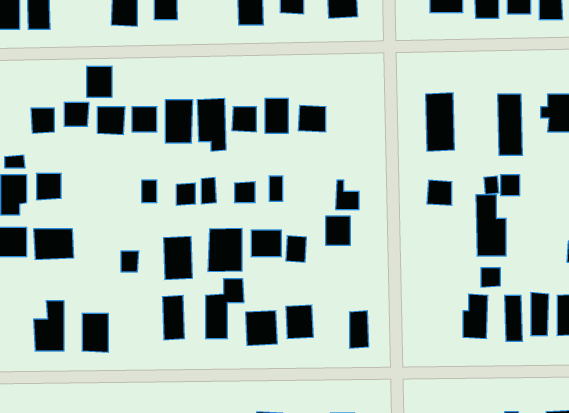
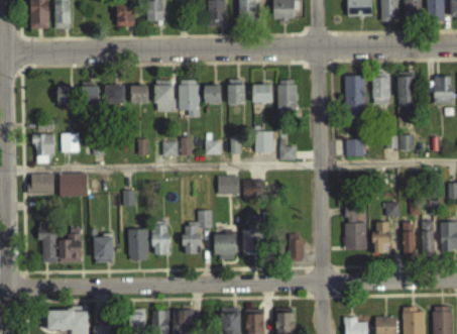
building: [87,66,112,97] -> none
building: none -> [373,77,391,104]
building: none -> [277,79,298,109]
building: [476,195,506,256] -> [345,205,367,249]
building: [326,216,350,245] -> [255,131,273,152]
building: [208,228,242,272] -> none
building: [163,237,192,280] -> [128,228,149,259]
building: none -> [41,222,58,262]

